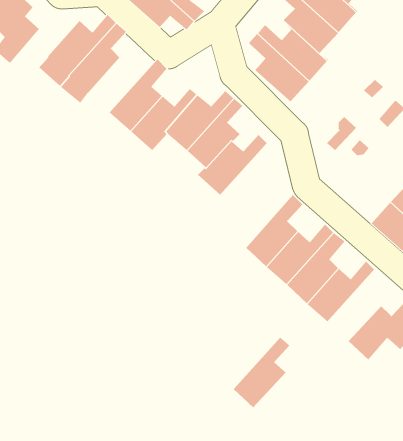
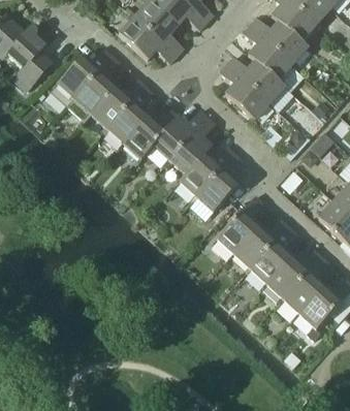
building: none -> [91,78,147,128]
building: none -> [197,153,244,210]
building: [233,337,290,408] -> [284,255,330,313]

